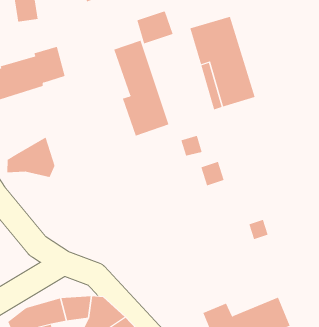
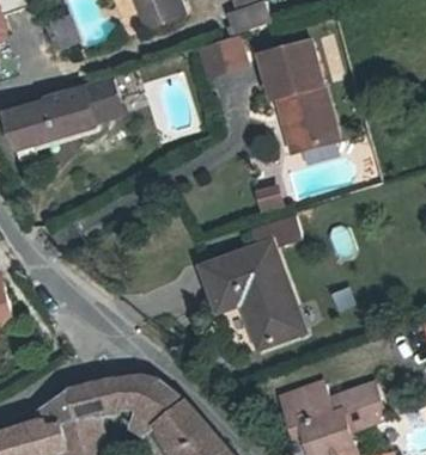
building: [114,40,169,137] -> none
building: [7,137,55,178] -> none
building: none -> [197,240,300,346]

